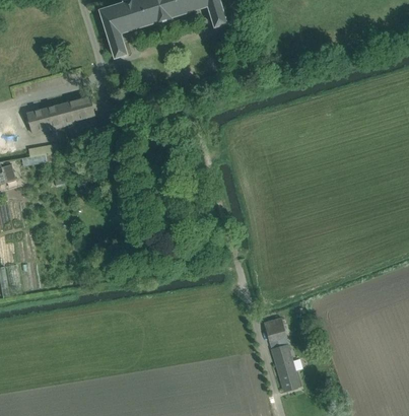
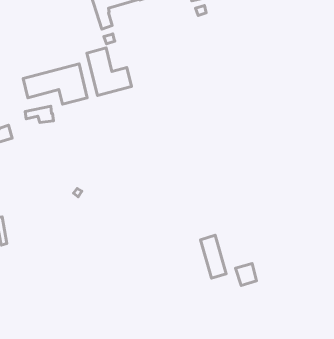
building: none -> [87,48,132,96]
building: [271,343,299,391] -> [200,235,226,278]

